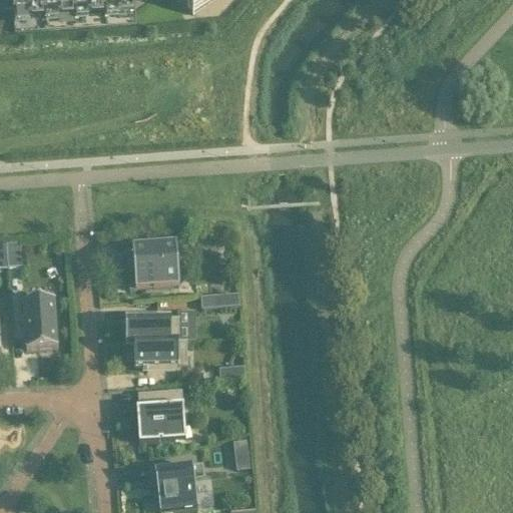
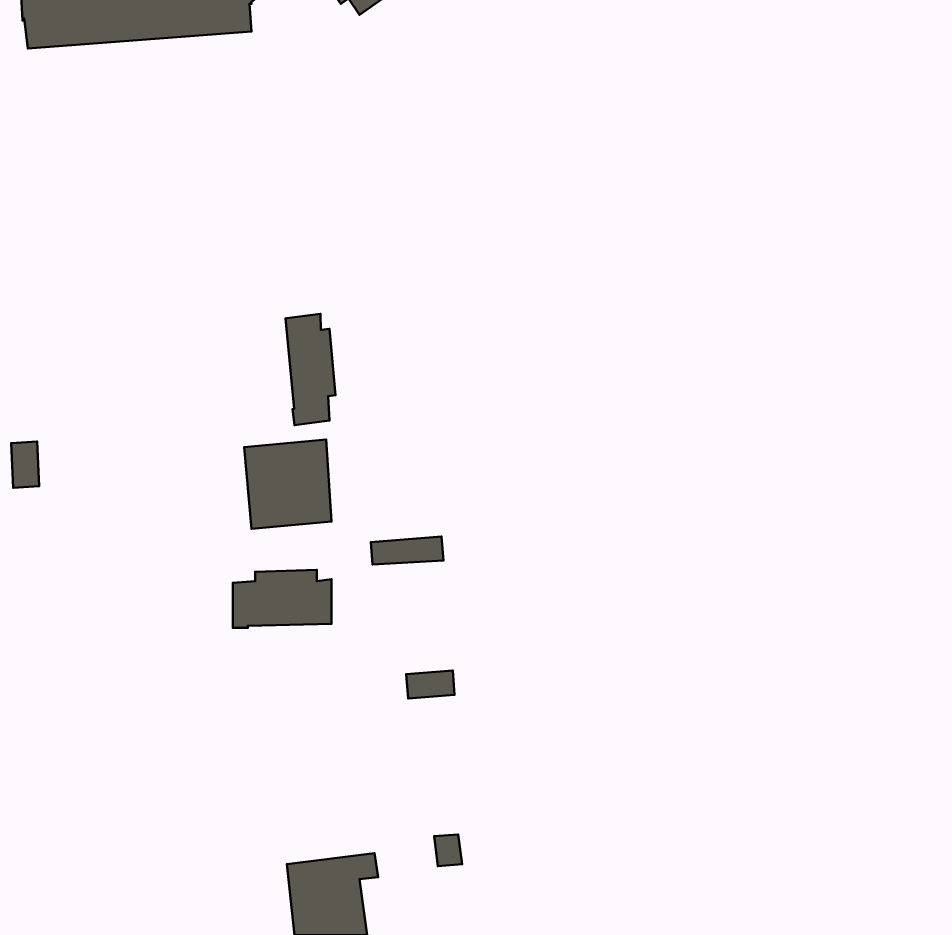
building: none -> [285,314,335,425]
building: [23,296,57,345] -> none
building: [133,335,187,366] -> none
building: [137,384,185,438] -> none

